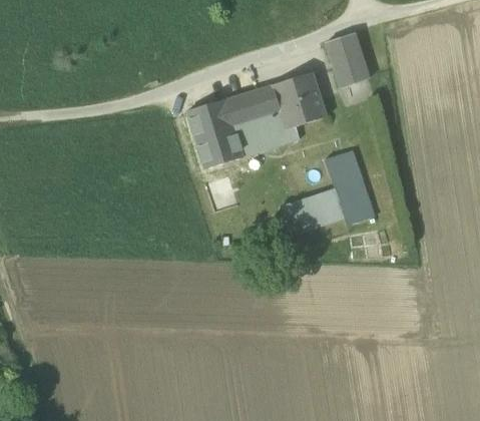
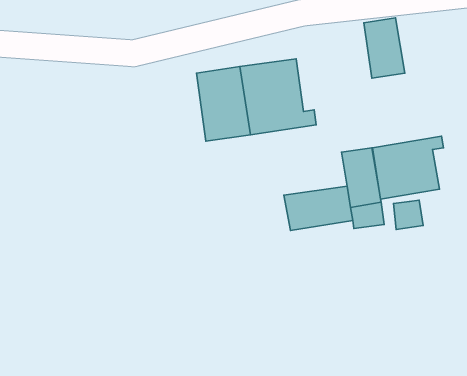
building: [273,71,327,128] -> none
building: none -> [373,136,444,199]
building: none -> [394,200,423,229]

